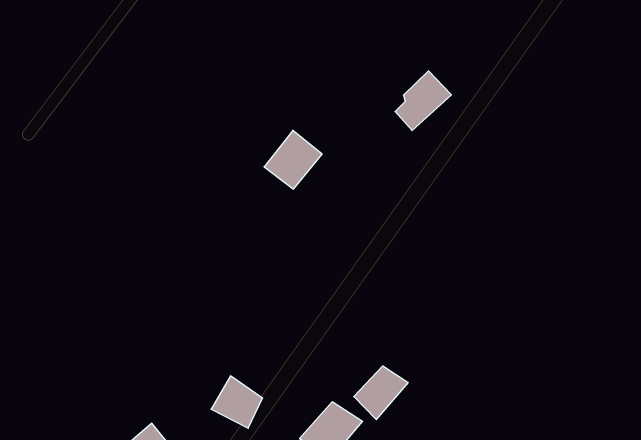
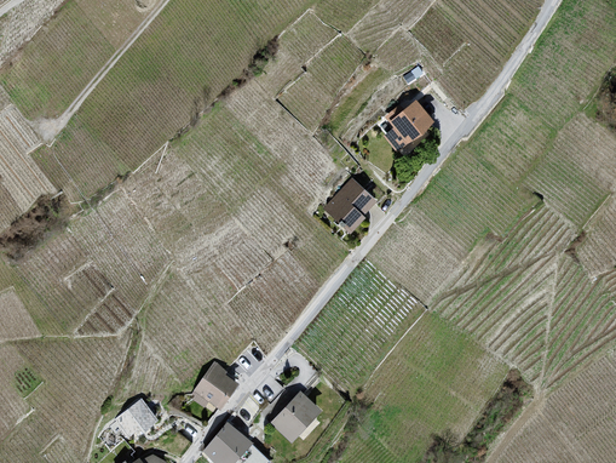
building: [264,130,322,189] -> [318,175,372,228]
building: [354,366,408,420] -> none

